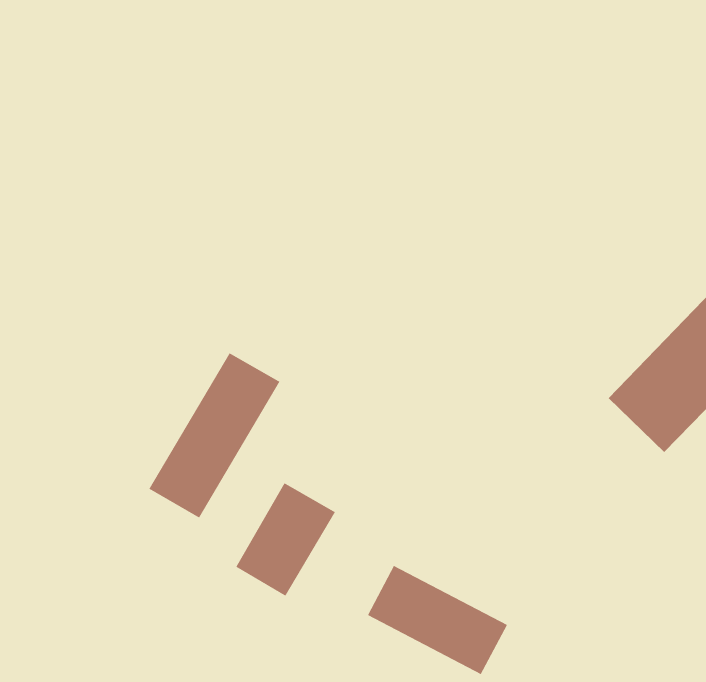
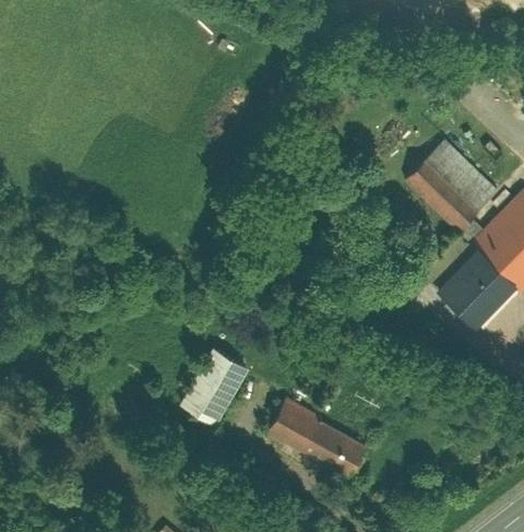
building: none -> [406,139,500,233]
building: [148,352,280,518] -> none

